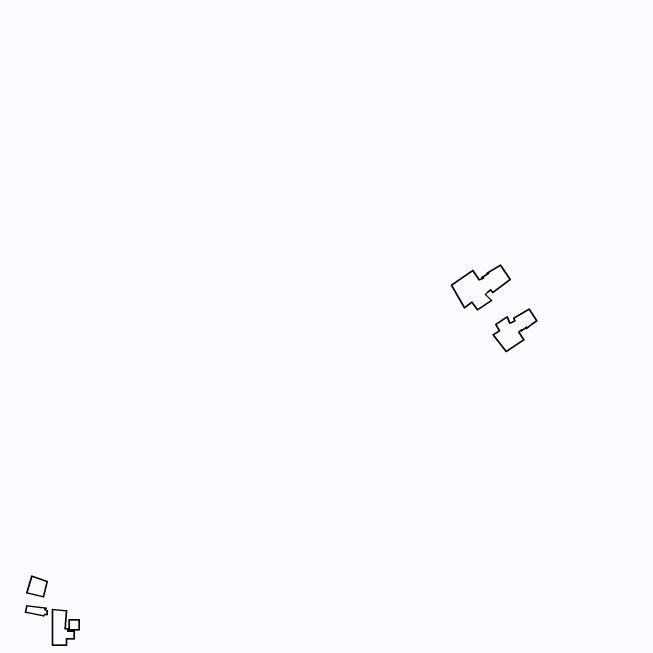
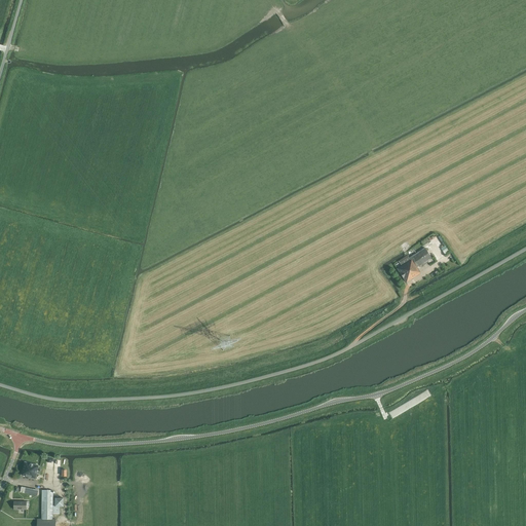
building: [452,265,510,310] -> none

